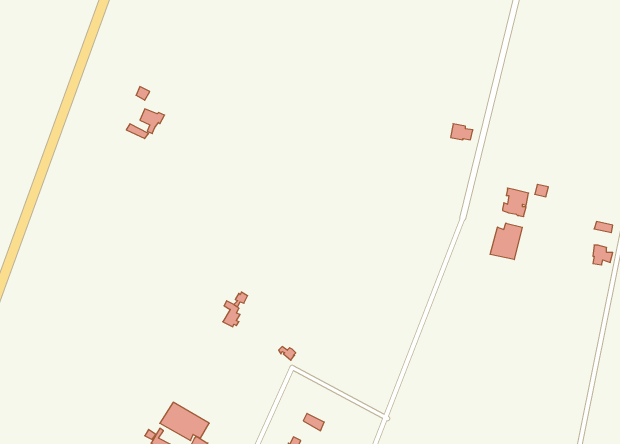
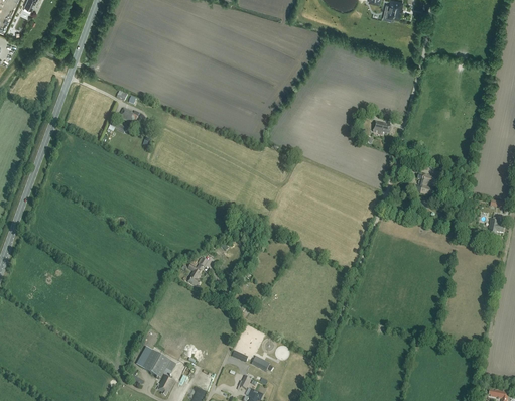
building: [490,223,522,260] -> none

